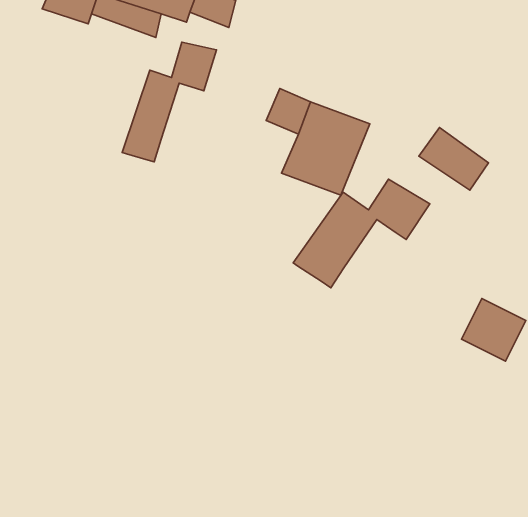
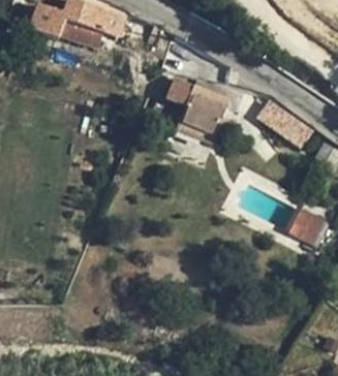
building: [122,42,217,162] -> none
building: [293,179,430,288] -> none

